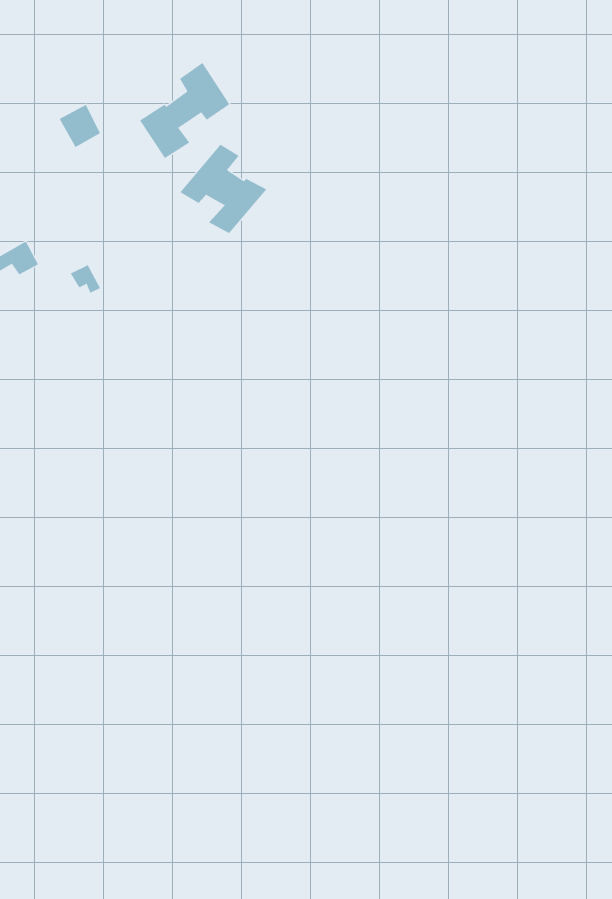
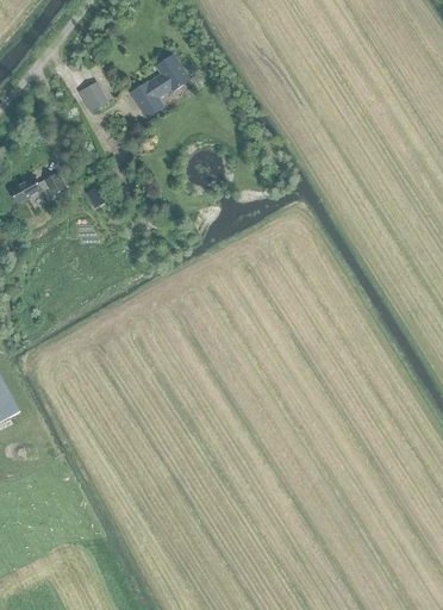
building: [179,144,267,234] -> none

